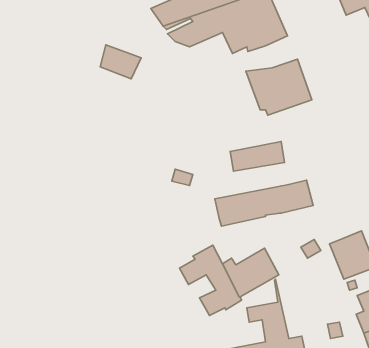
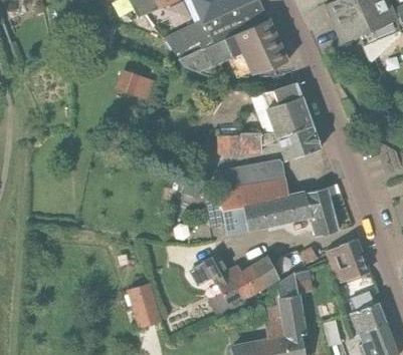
building: none -> [217,119,322,160]
building: none -> [214,166,289,210]
building: none -> [306,187,339,236]
building: none -> [277,270,312,337]
building: none -> [128,282,163,329]

